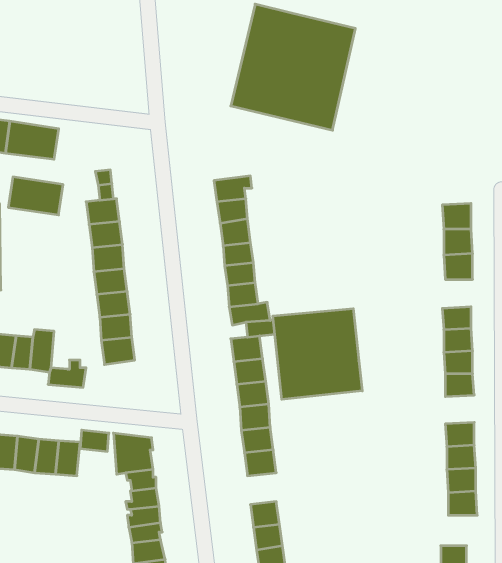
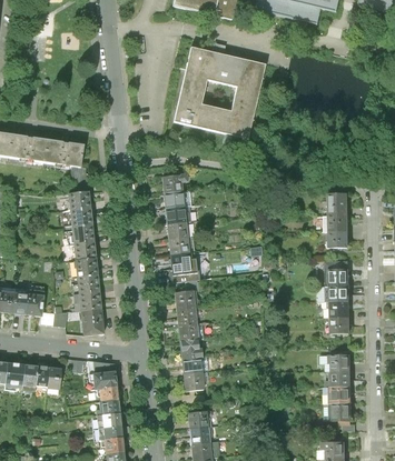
building: [8,177,63,215] -> [43,138,83,166]
building: [273,309,362,399] -> none
building: none -> [80,307,106,334]

